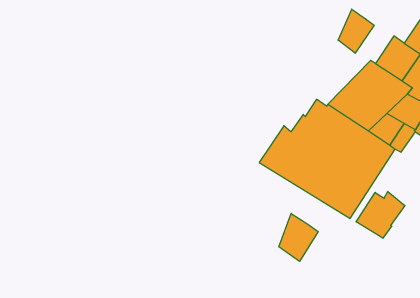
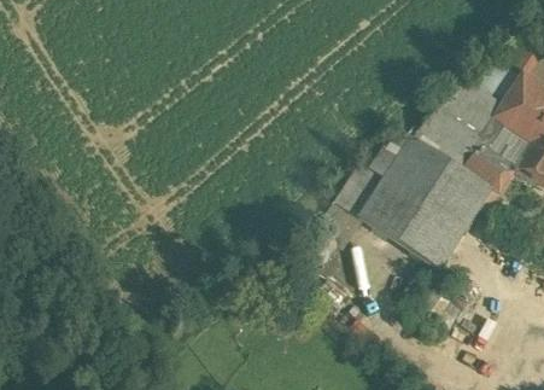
building: [338,9,374,53] -> none
building: [356,191,405,238] -> none
building: [279,213,318,261] -> none

